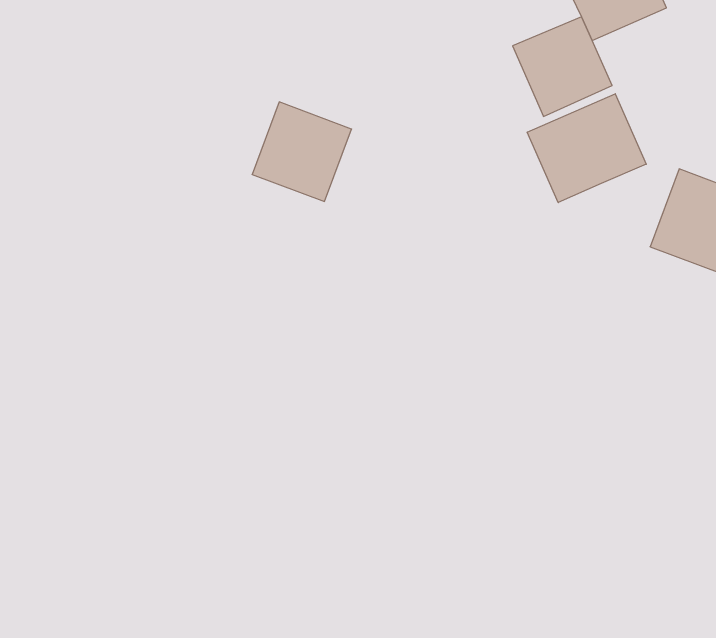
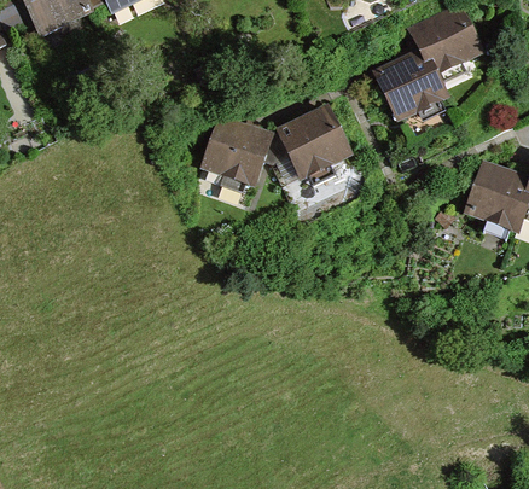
building: none -> [278,107,347,176]
building: [527,94,646,203] -> none

